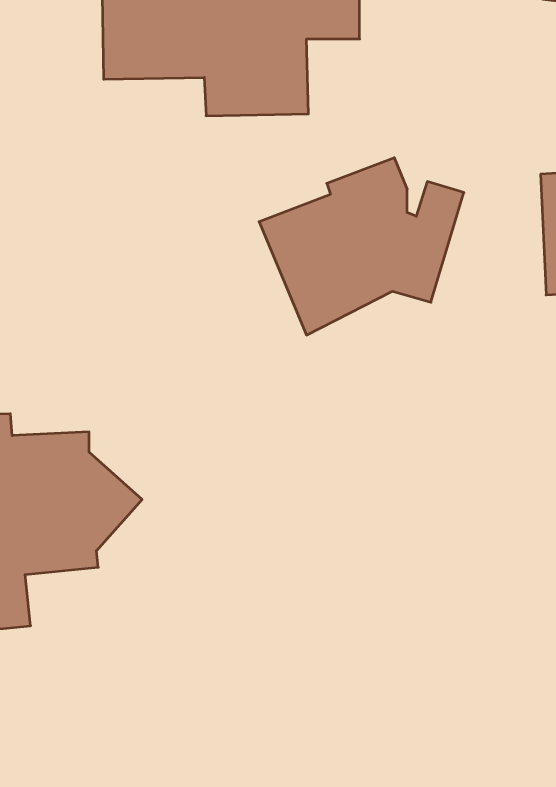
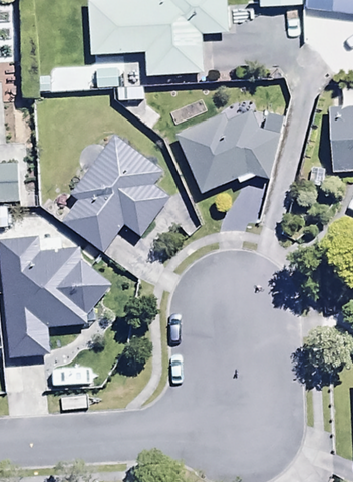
building: none -> [61,134,168,252]

